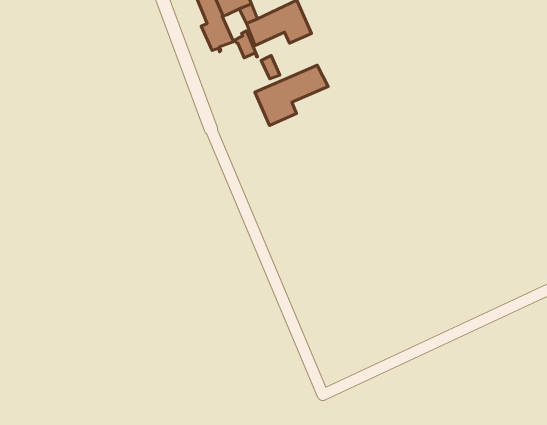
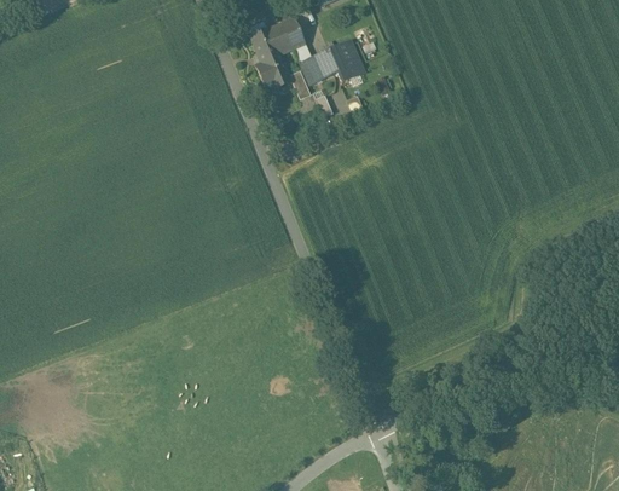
building: [255,65,328,125] -> none

